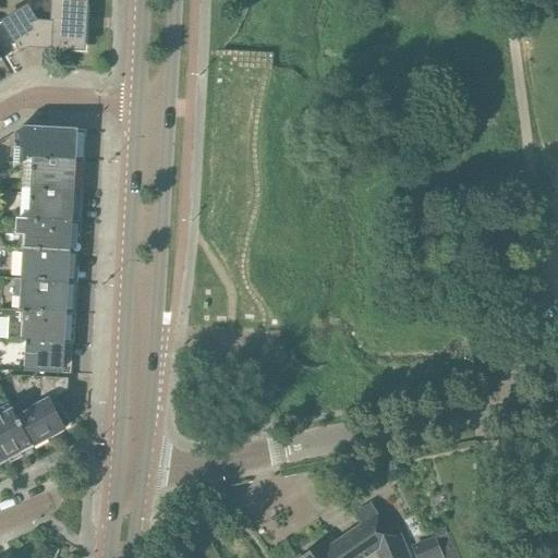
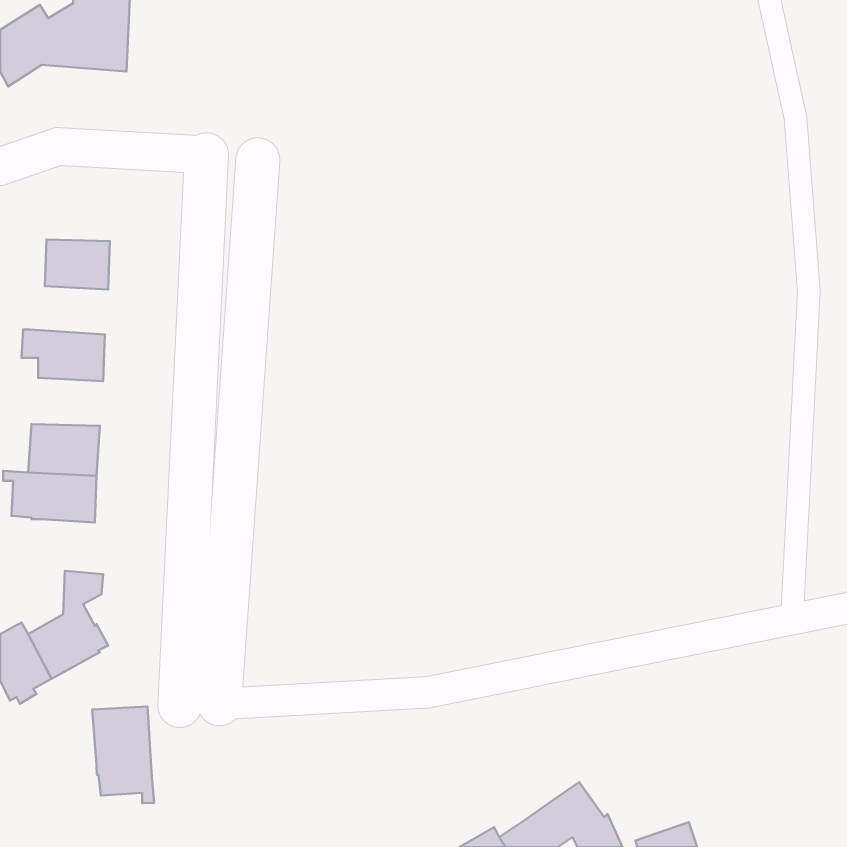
building: [16,125,76,163] -> none
building: [22,186,73,219] -> none
building: [23,247,70,279] -> none
building: [27,340,64,373] -> none
building: none -> [92,706,154,803]

